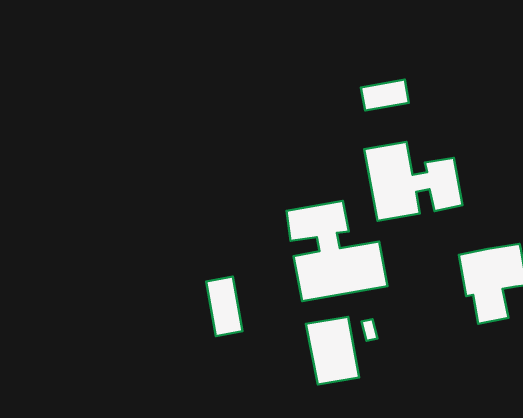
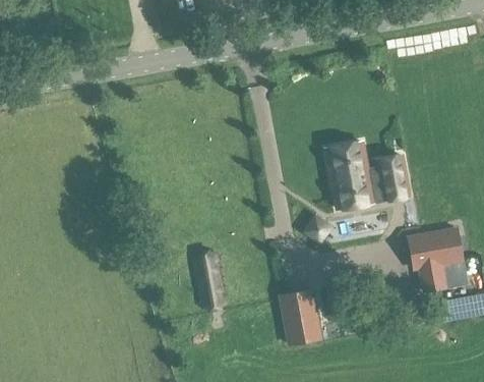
building: [361,80,409,111] -> none
building: [286,201,388,301] -> none

